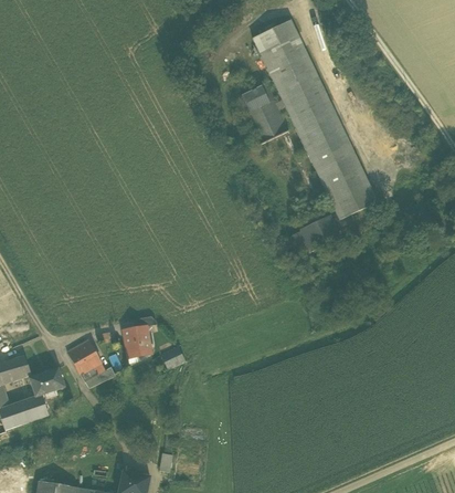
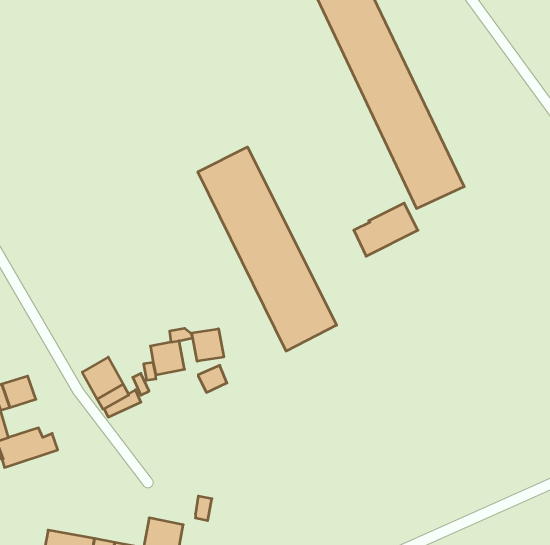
building: [235,83,288,145] -> none
building: none -> [198,147,337,351]
building: none -> [192,329,224,361]
building: [29,367,64,405] -> none

